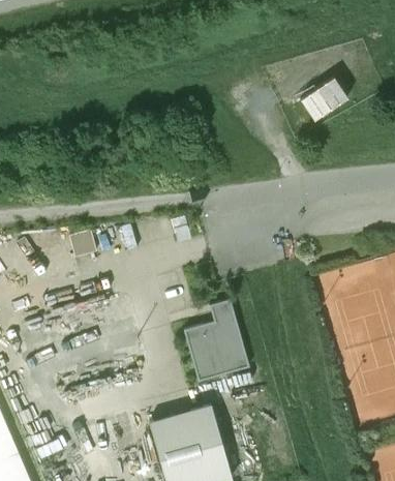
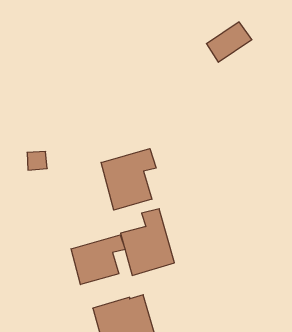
building: none -> [101,149,156,210]
building: none -> [71,235,125,285]

